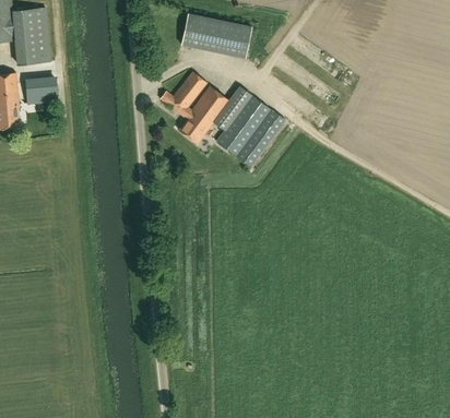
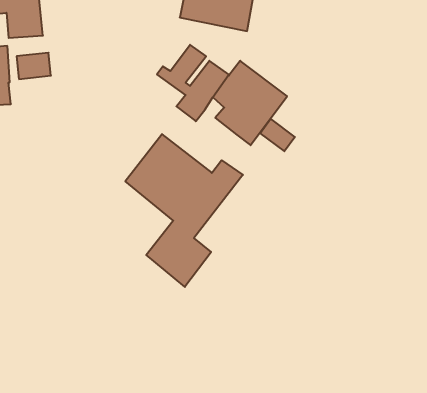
building: none -> [260,119,295,151]
building: none -> [125,134,243,287]

